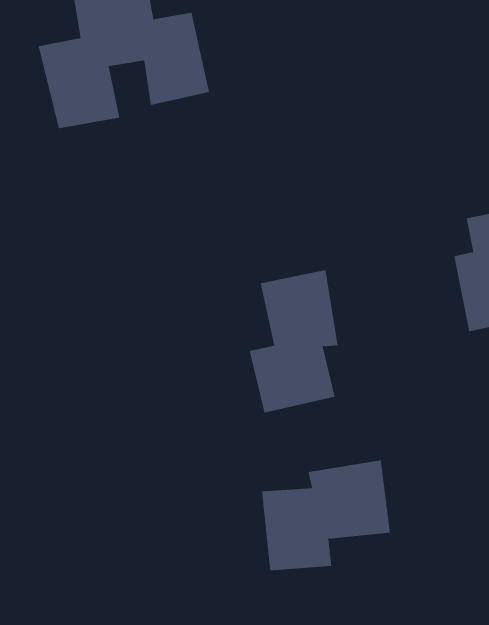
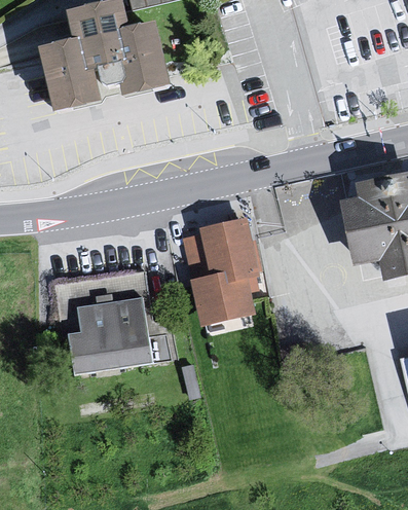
building: none -> [67,296,153,372]
building: [261,460,390,571] -> none

